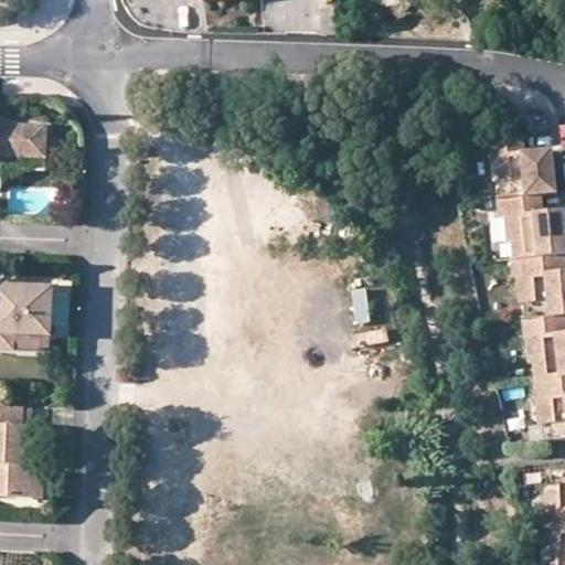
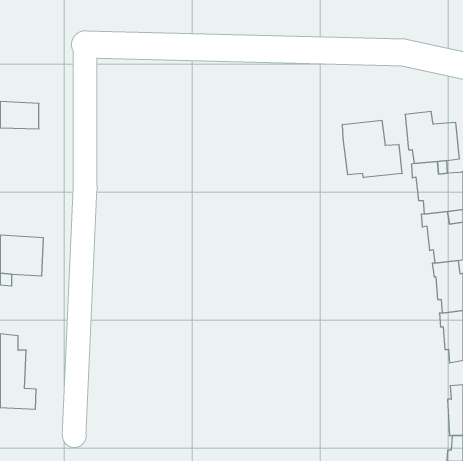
building: none -> [342,120,402,178]

